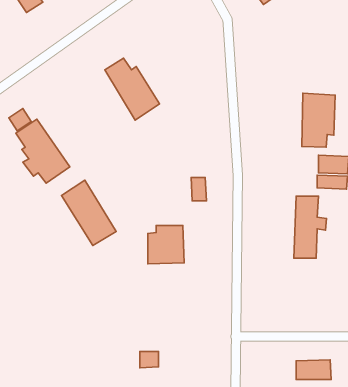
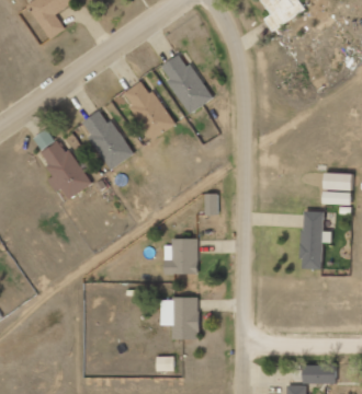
building: none -> [159,53,212,114]
building: [302,93,335,147] -> none
building: [61,180,116,246] -> [80,108,132,170]
building: none -> [159,299,197,340]

